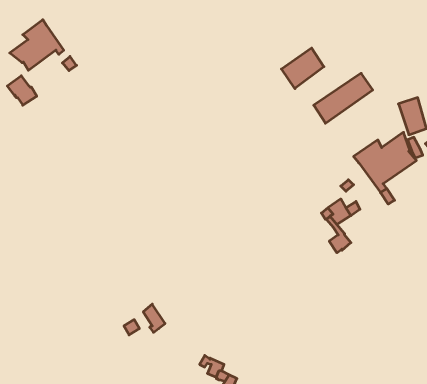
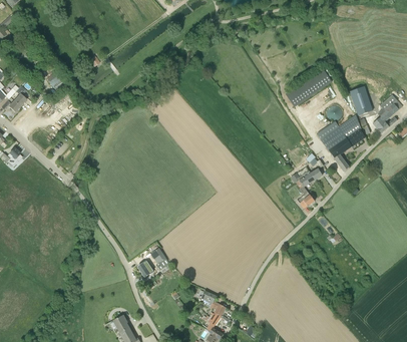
building: [10,20,64,70] -> none
building: [281,48,324,89] -> none

